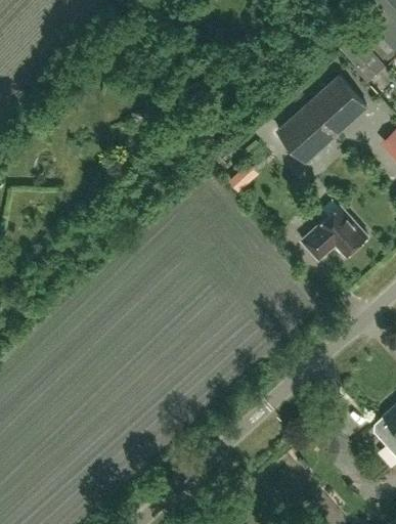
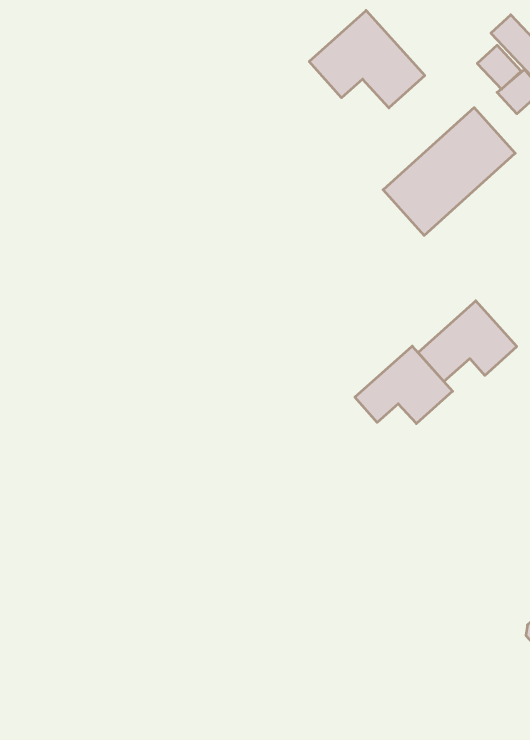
building: none -> [309,10,425,108]
building: none -> [355,346,453,424]

